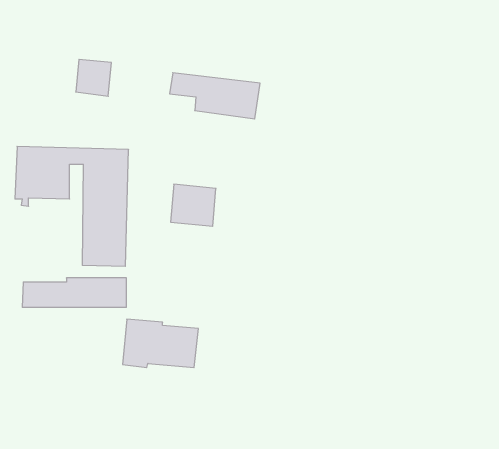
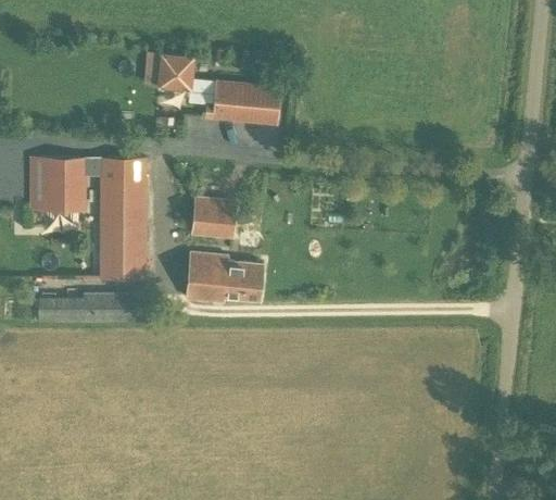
building: [76,59,111,96] -> [156,52,193,90]
building: [123,319,198,368] -> [186,251,264,301]

